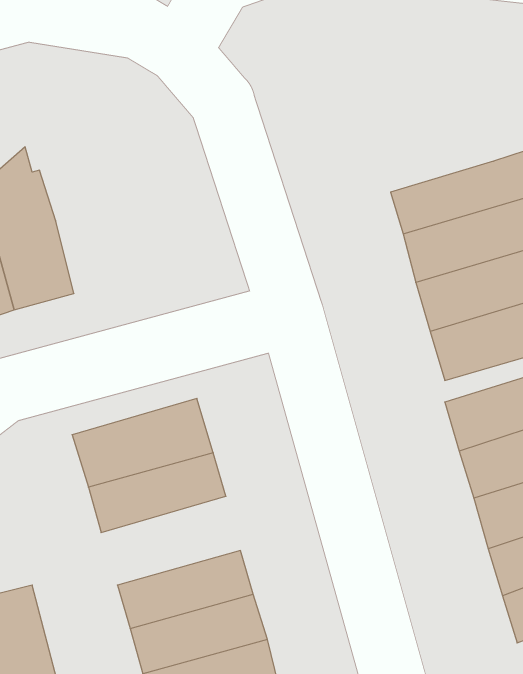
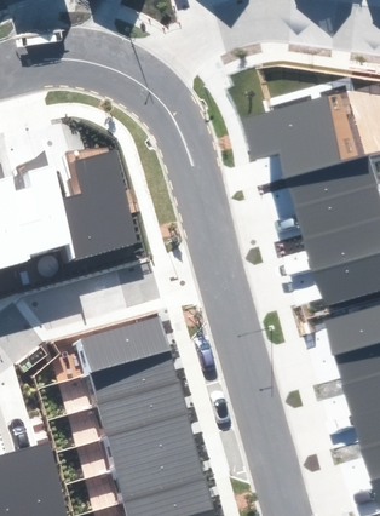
building: none -> [242,92,357,180]
building: none -> [64,153,136,256]
building: none -> [94,384,188,443]

